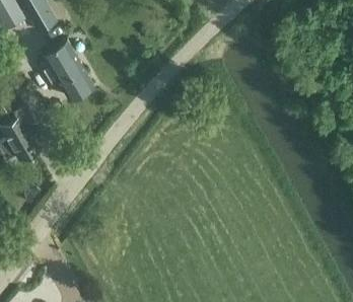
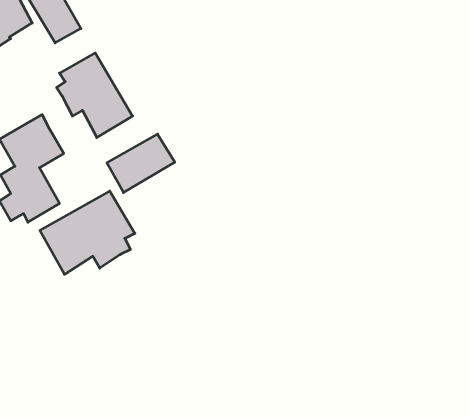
building: none -> [107,134,175,193]
building: none -> [40,191,135,274]

